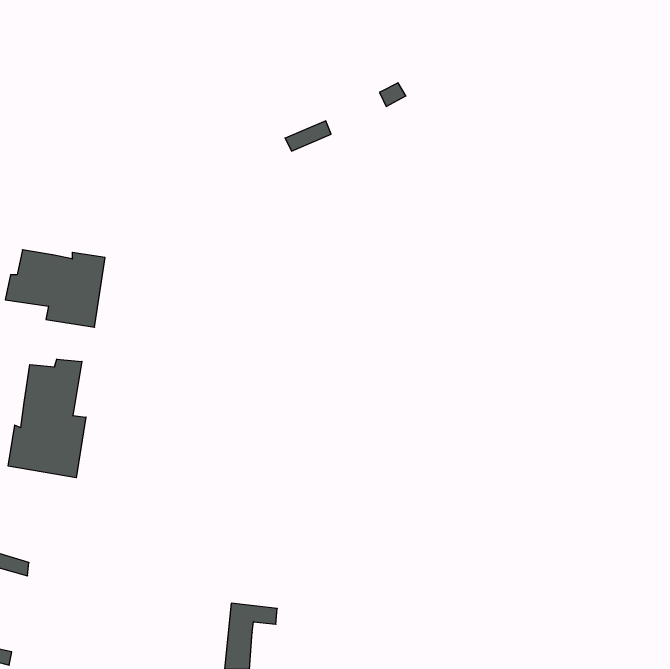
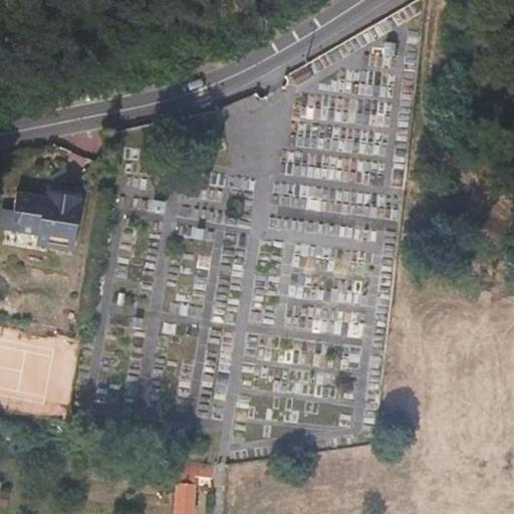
building: [8,359,86,478] -> none

